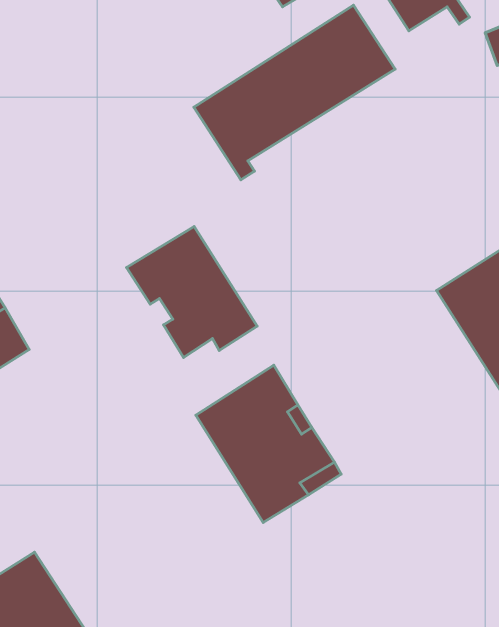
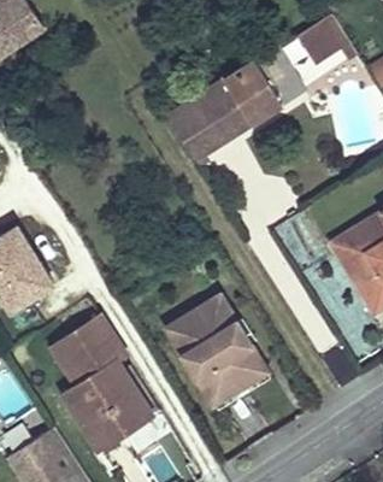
building: [127,226,257,357] -> none
building: none -> [53,318,153,440]

